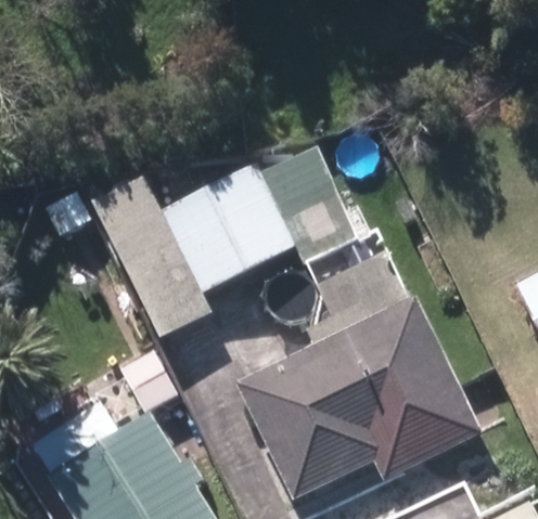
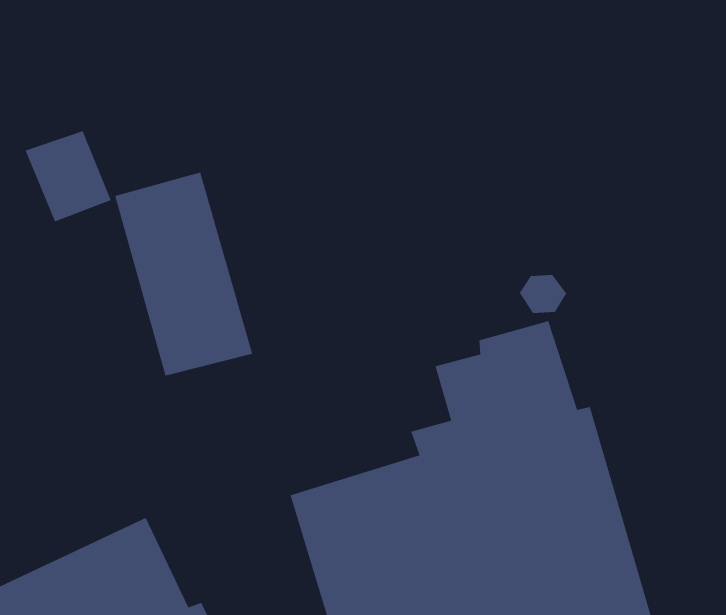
building: [172,150,361,289] -> none

